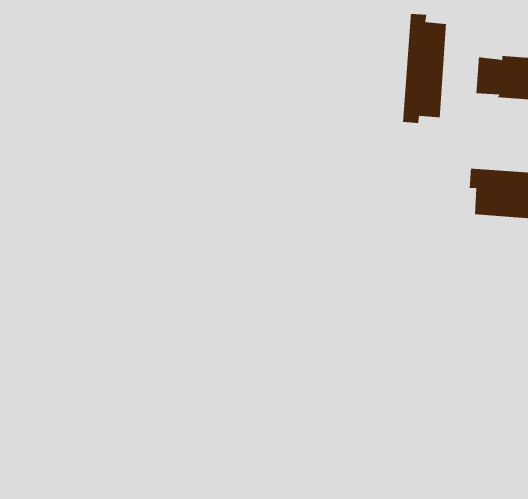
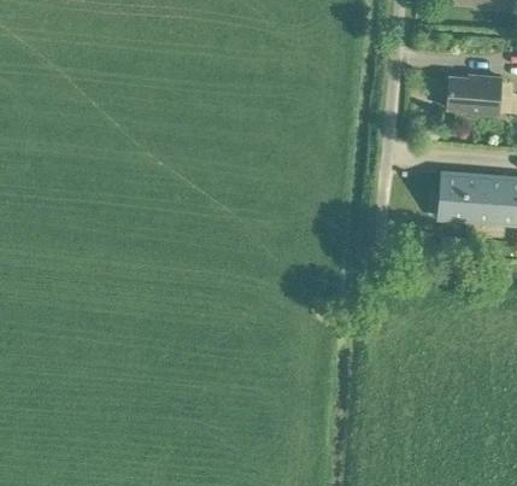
building: [402,13,446,124] -> none

